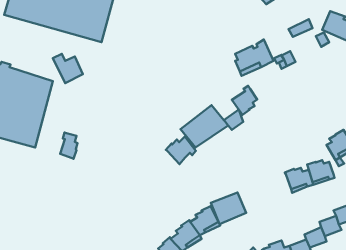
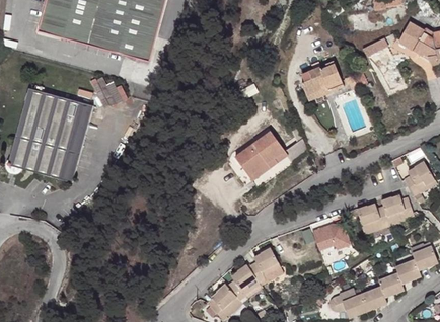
building: [232,86,257,115] -> none
building: [60,132,78,159] -> none
building: [166,137,196,164] -> none
building: [211,192,246,224] -> [313,223,354,259]

